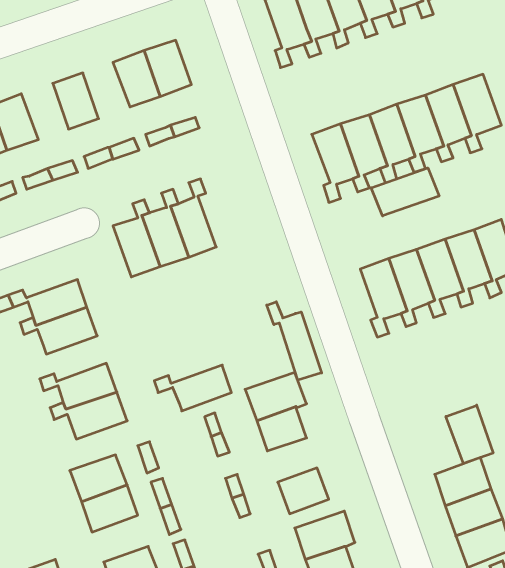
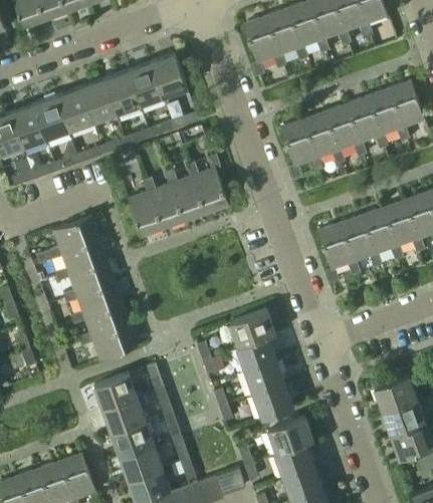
building: none -> [103,71,140,114]
building: none -> [56,87,92,131]
building: [371,168,439,216] -> none
building: none -> [192,154,229,213]
building: none -> [52,216,99,252]
building: [267,302,322,380] -> none
building: [154,365,231,411] -> [62,281,122,316]
building: [446,405,493,463] -> none
building: none -> [245,359,283,394]
building: none -> [111,419,154,455]

